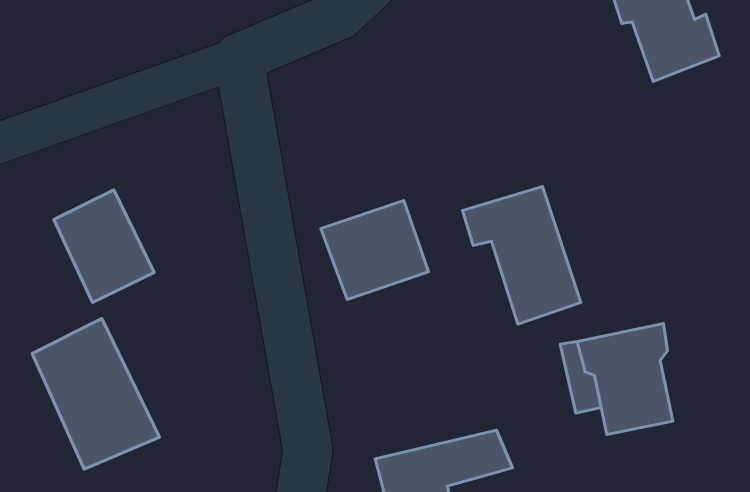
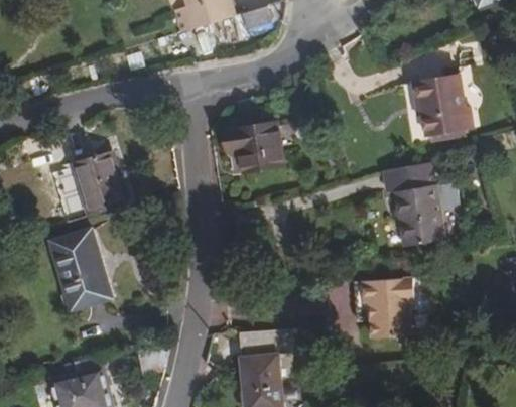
building: [463,186,581,324] -> [383,166,443,244]
building: [321,201,428,300] -> [226,120,284,172]

